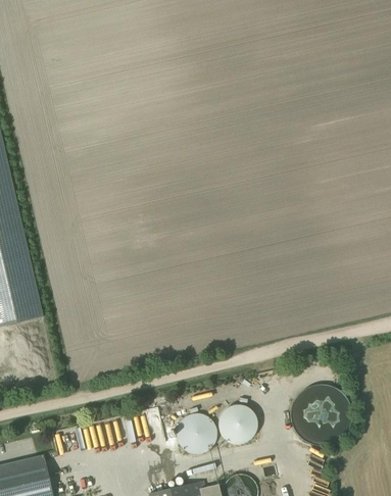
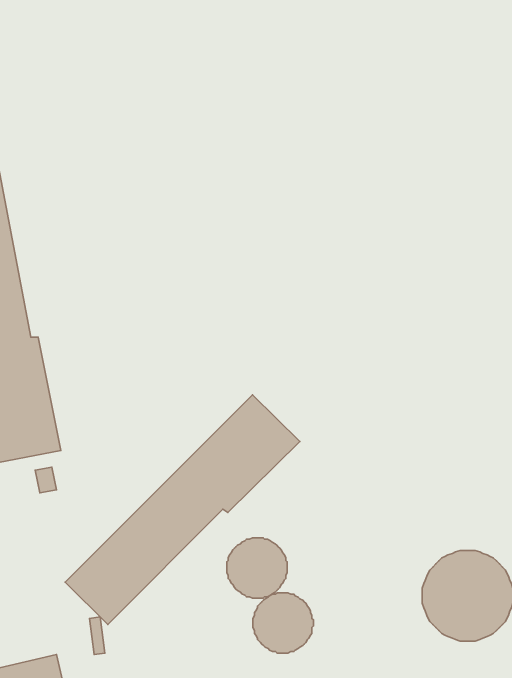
building: none -> [65,395,300,624]
building: [215,404,256,445] -> [227,538,287,598]

